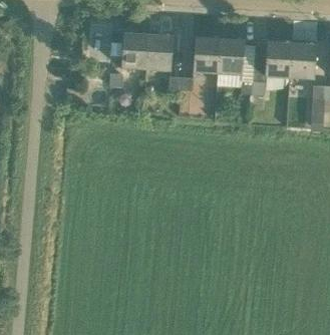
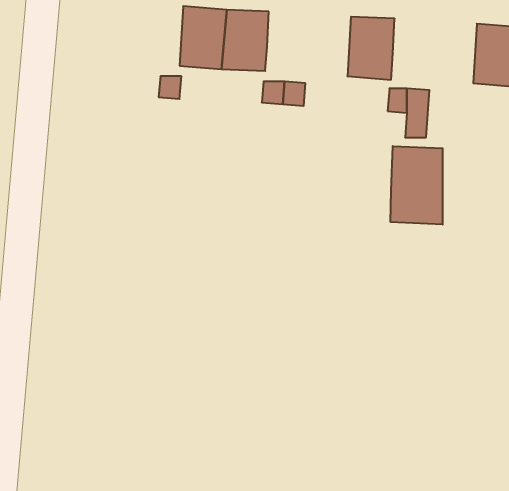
building: [195,38,221,73] -> none
building: [266,42,293,77] -> none
building: none -> [391,146,443,225]

